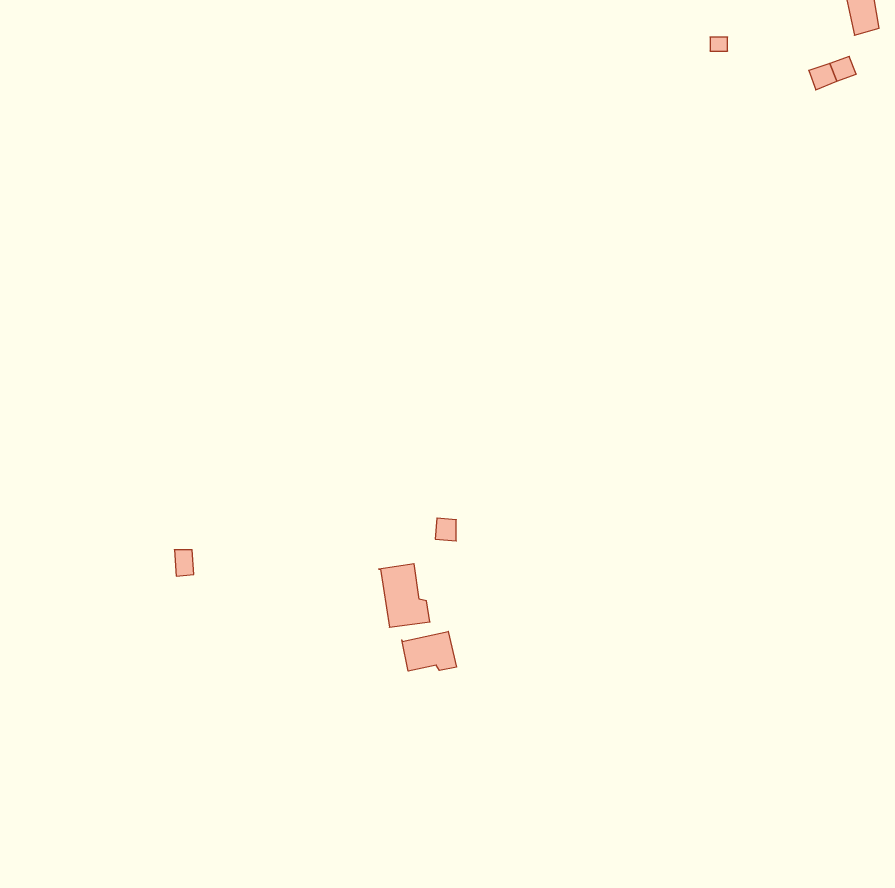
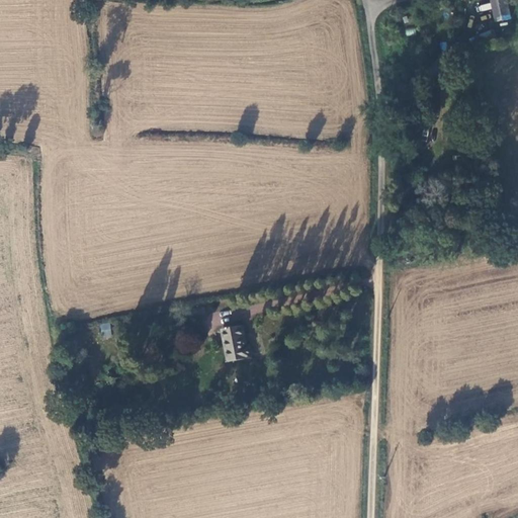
building: [402,631,456,671] -> none

